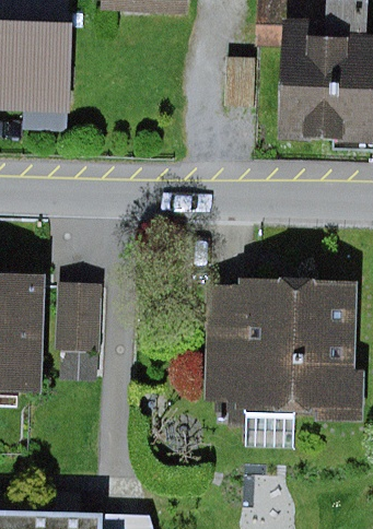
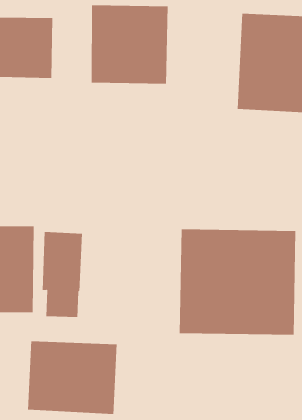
building: none -> [91,5,168,84]
building: none -> [28,340,117,415]

